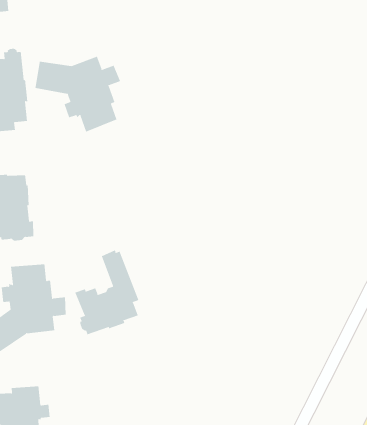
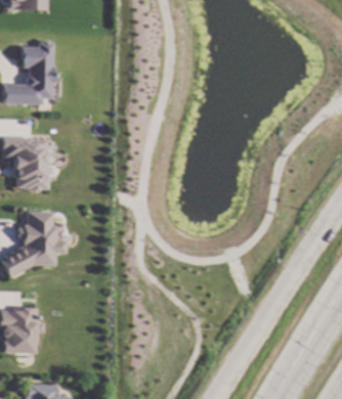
building: [35,56,121,133] -> none
building: [75,250,139,335] -> none

